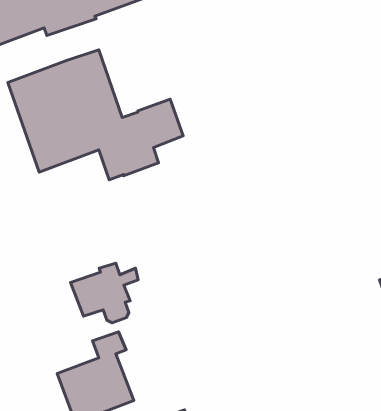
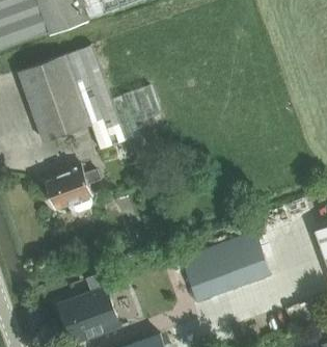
building: [71,263,138,323] -> [44,164,98,212]
building: none -> [179,230,269,301]

